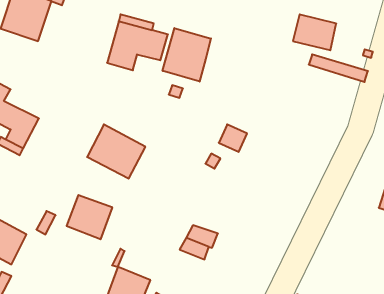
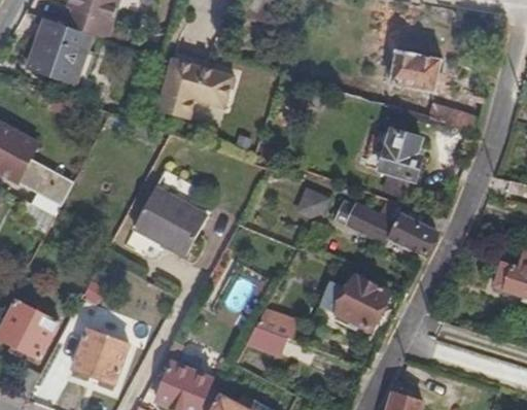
building: [163,28,211,82] -> none
building: none -> [379,129,421,180]
building: none -> [335,200,443,255]
building: [67,195,112,239] -> [73,330,130,384]
building: none -> [319,276,388,332]

